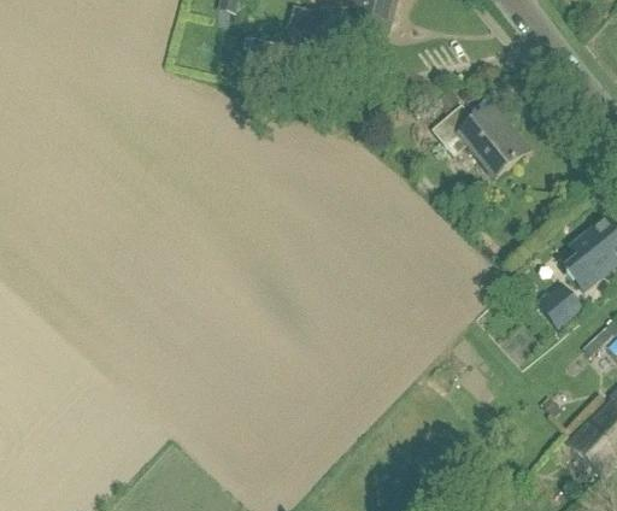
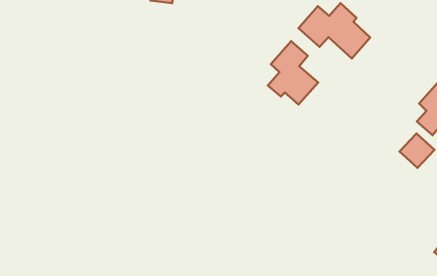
building: none -> [268,41,318,104]

